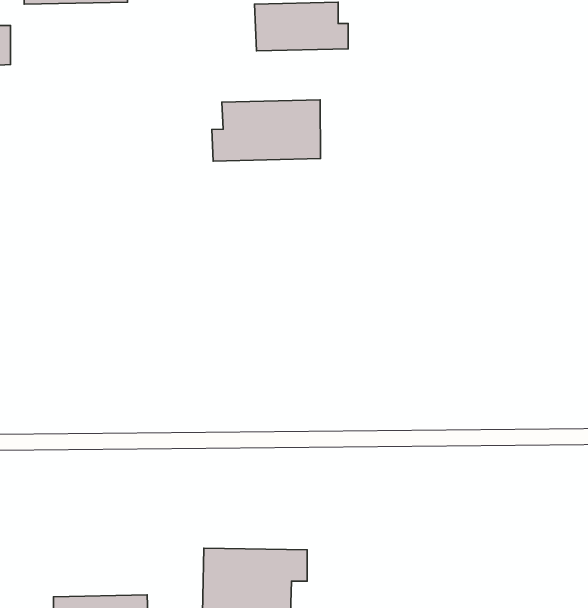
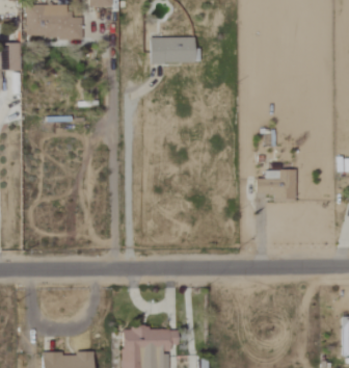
building: [212,100,321,161] -> none
building: none -> [257,169,296,201]

